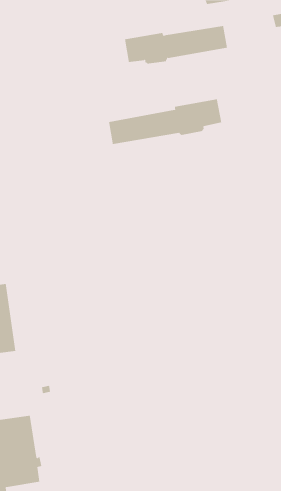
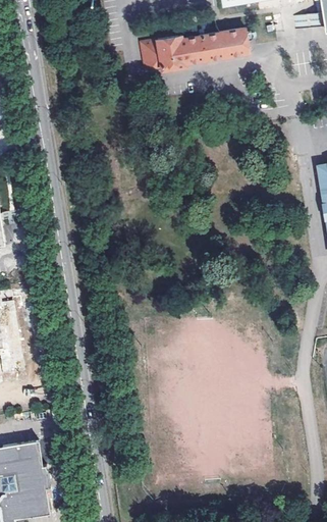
building: [108,99,222,145] -> none

